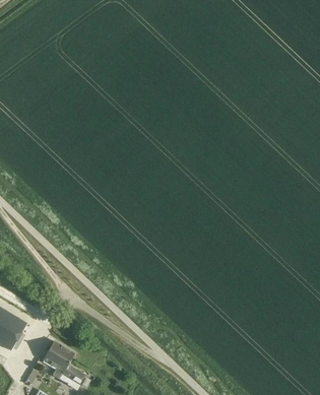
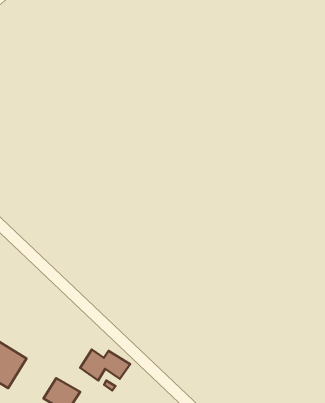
building: none -> [80,349,130,380]

